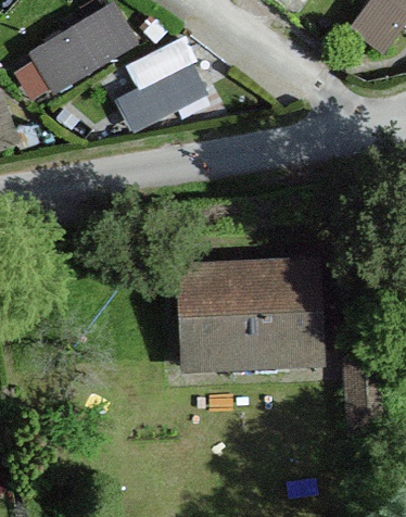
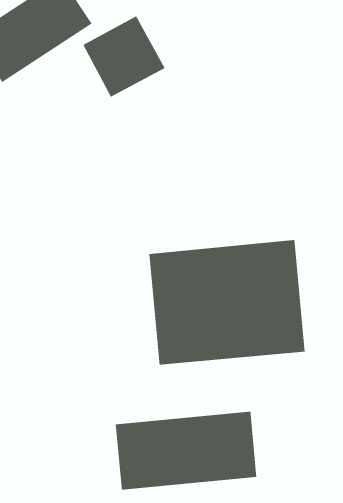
building: none -> [115,411,257,490]

